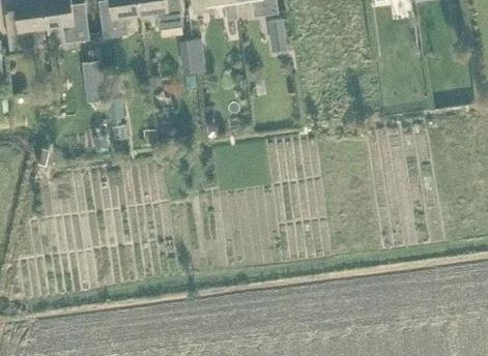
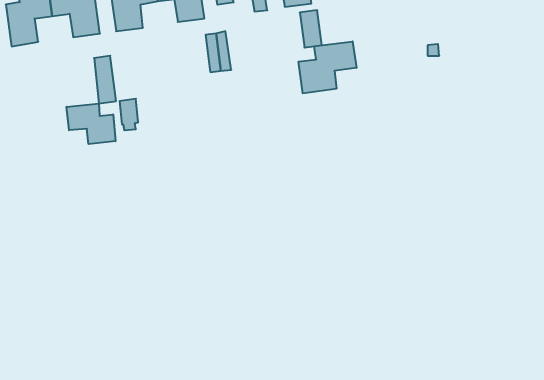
building: none -> [299,41,356,93]
building: none -> [67,103,115,144]

